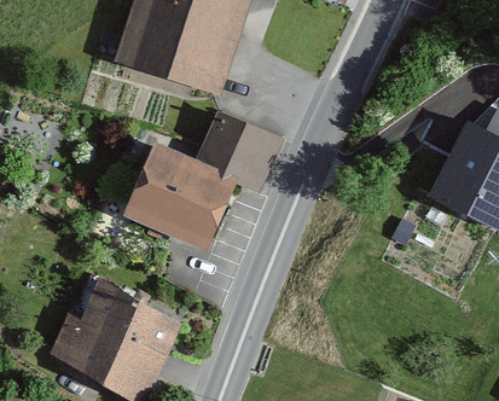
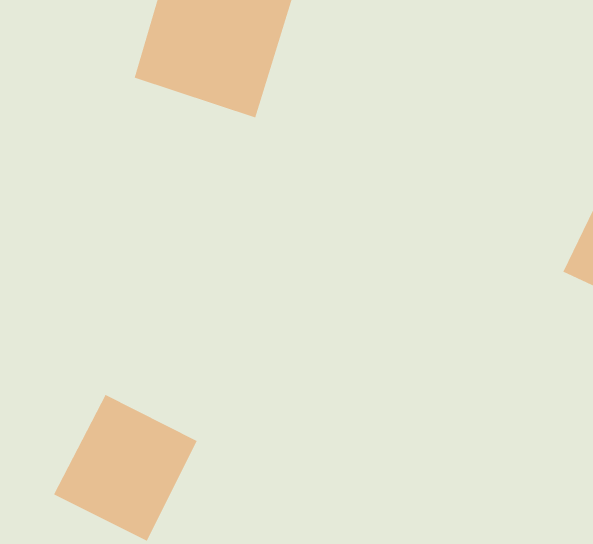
building: [202,117,275,186] -> none
building: [129,153,228,248] -> none

